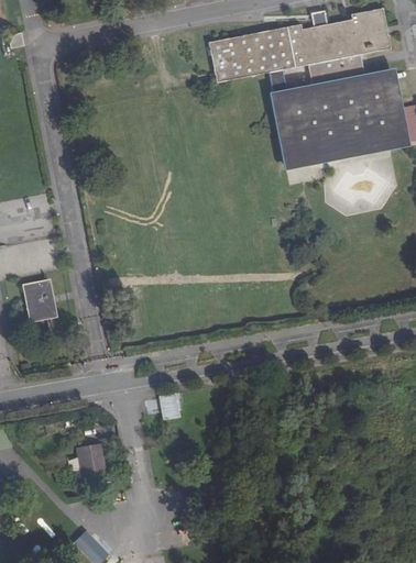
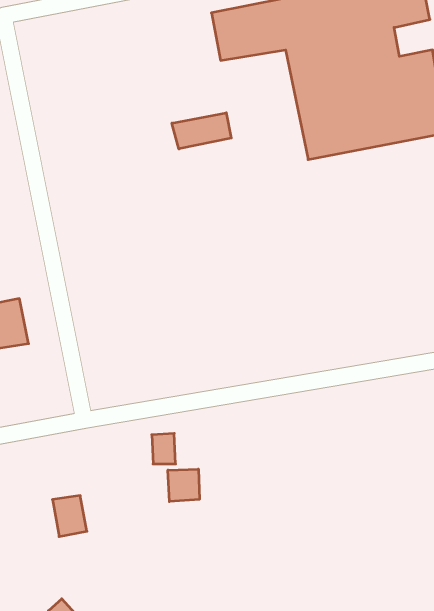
building: none -> [172,113,231,149]
building: none -> [168,469,199,502]

